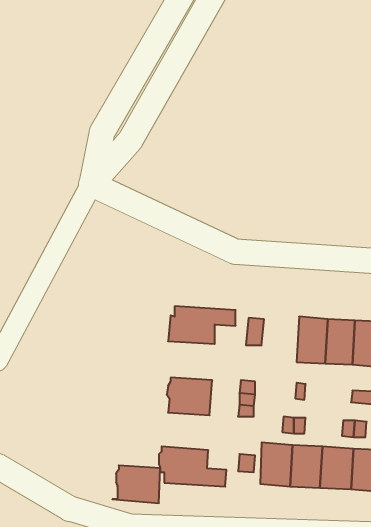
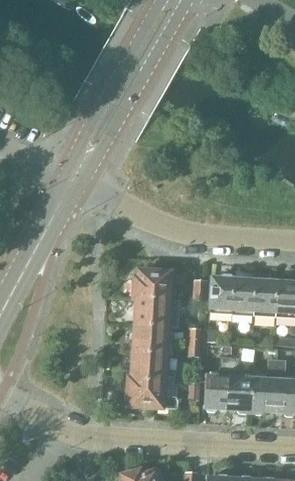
building: none -> [210,277,234,313]
building: none -> [133,297,169,327]
building: [112,465,160,503] -> [128,352,165,381]

